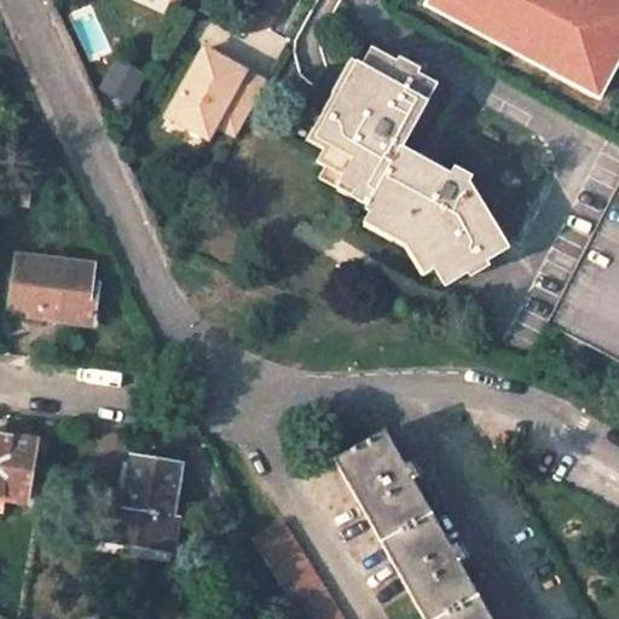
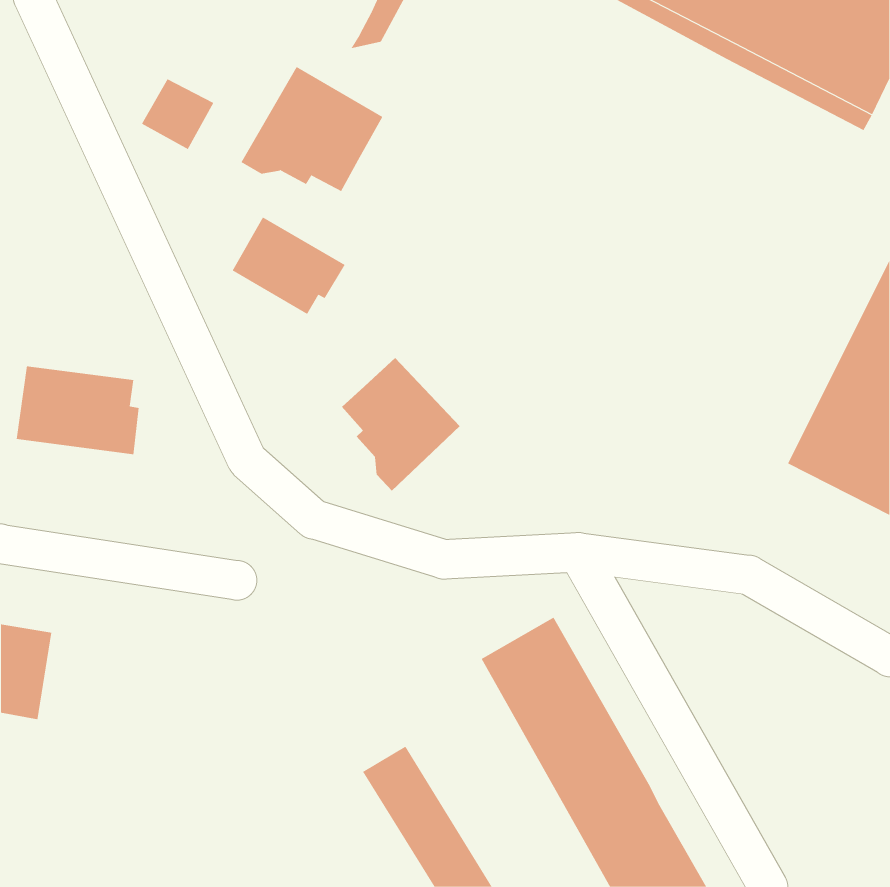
building: [314,48,508,287] -> none
building: none -> [232,216,346,315]
building: none -> [341,357,460,491]
building: [99,455,180,557] -> none

